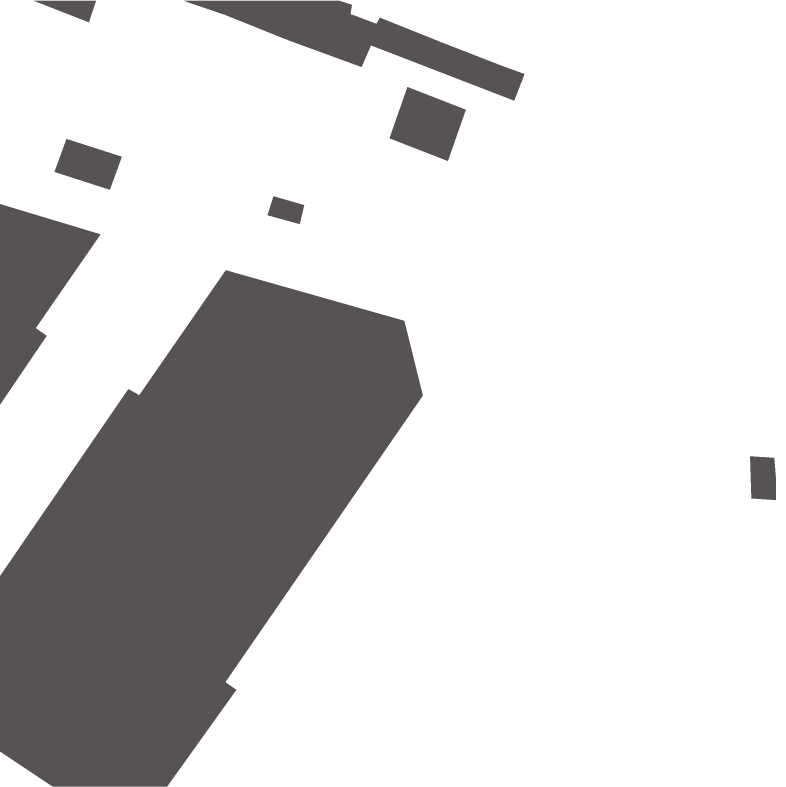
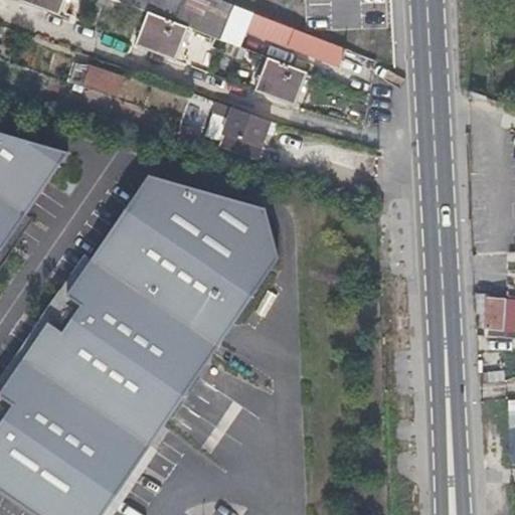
building: none -> [134,10,187,60]
building: [54,138,123,191] -> [81,63,127,98]
building: none -> [205,102,269,159]

